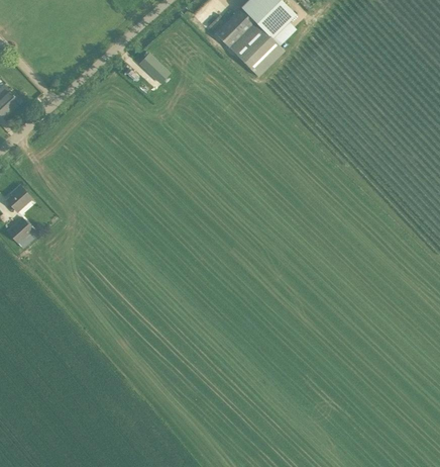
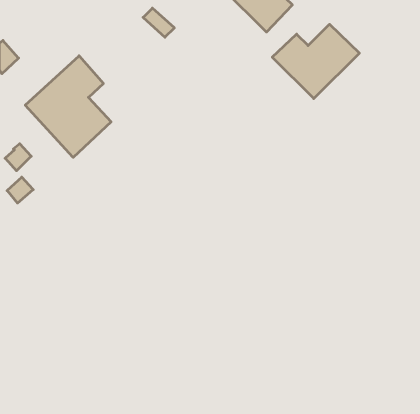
building: none -> [272,24,359,99]
building: none -> [25,56,111,157]

